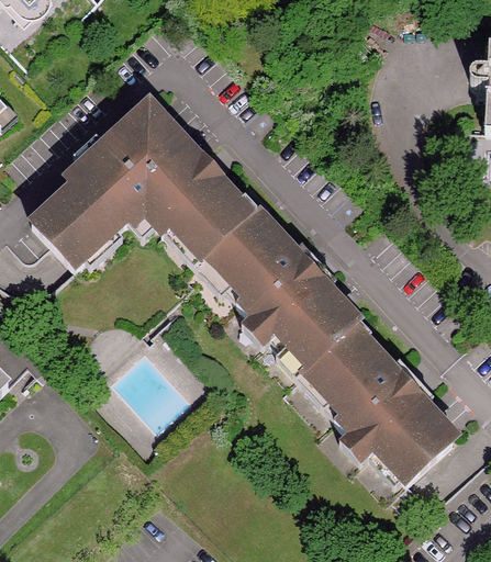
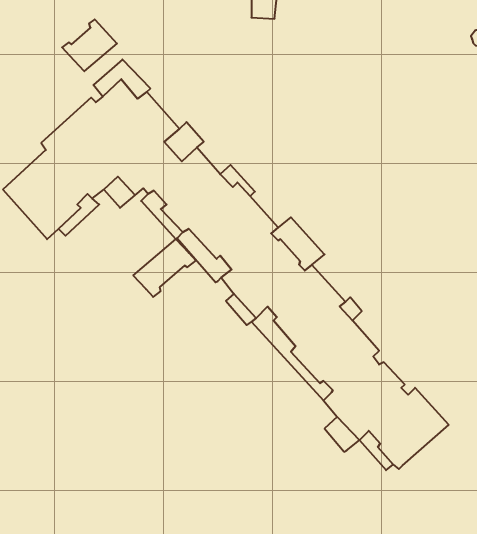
building: none -> [62,19,117,71]
building: none -> [133,239,196,297]
building: [379,352,431,405] -> none

